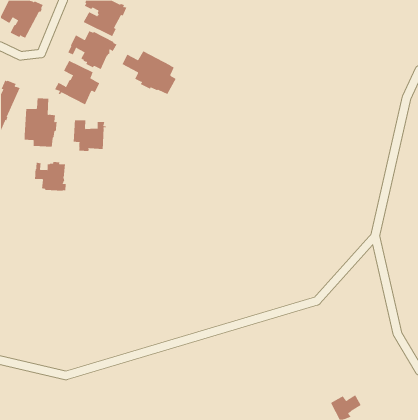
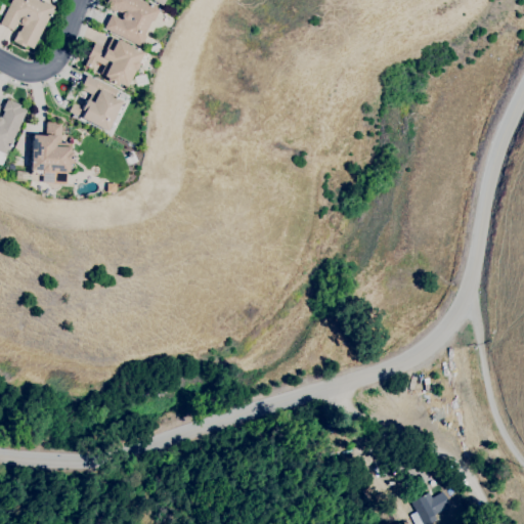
building: [122,51,176,95] -> none
building: [73,120,107,152] -> none
building: [34,161,66,192] -> none

